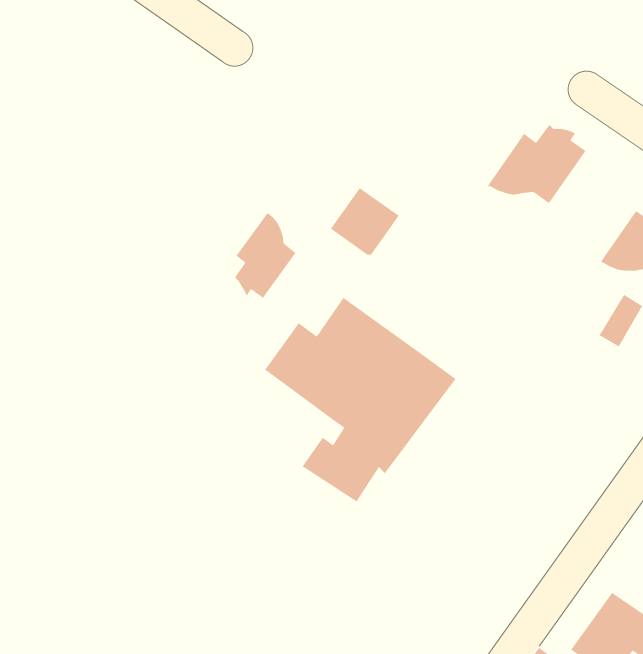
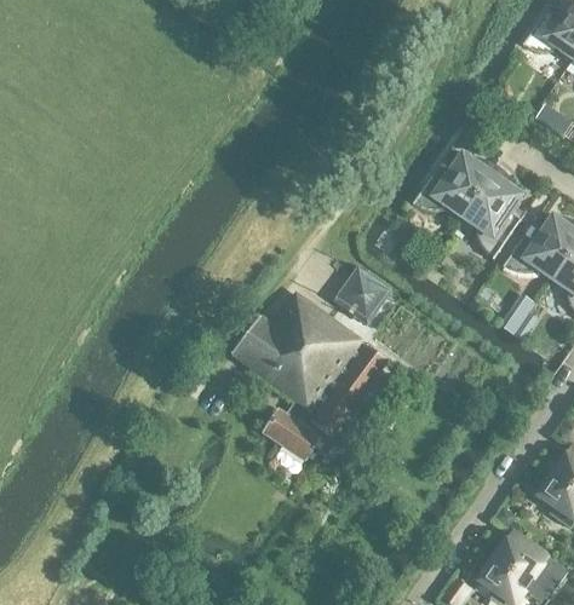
building: none -> [463,174,523,259]
building: [330,187,400,256] -> [334,266,391,322]
building: [234,210,297,299] -> none

